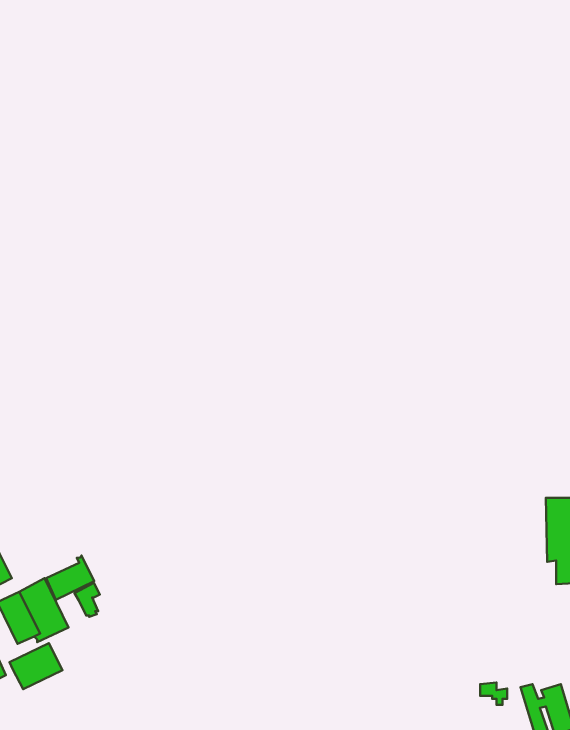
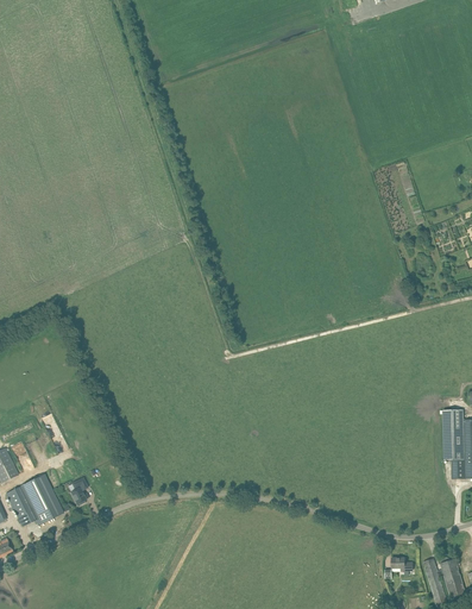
building: [46,556,94,600] -> none
building: [9,643,63,689] -> none

